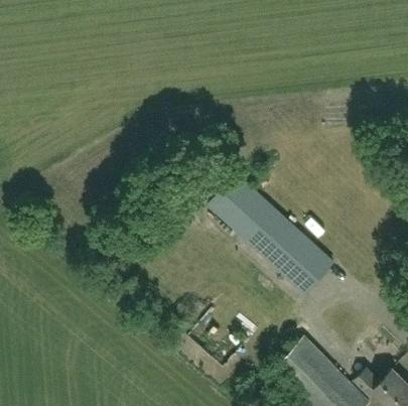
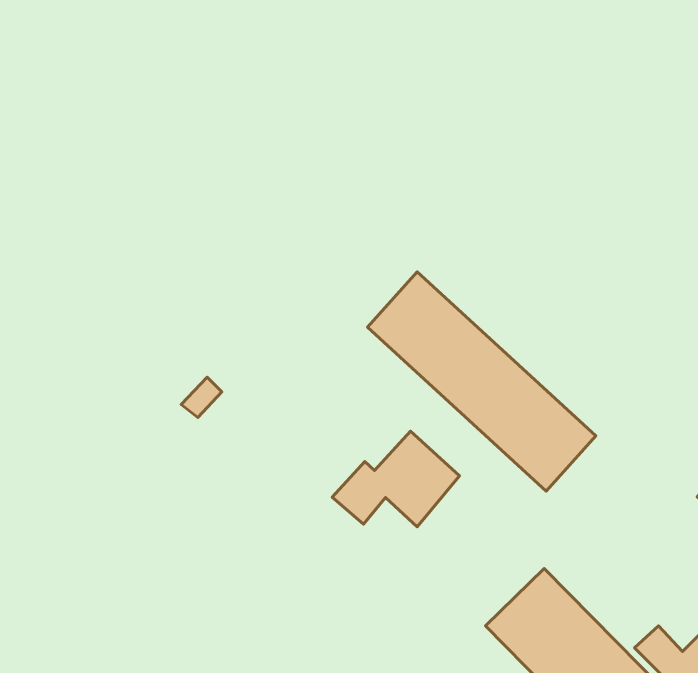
building: none -> [332,431,459,527]

